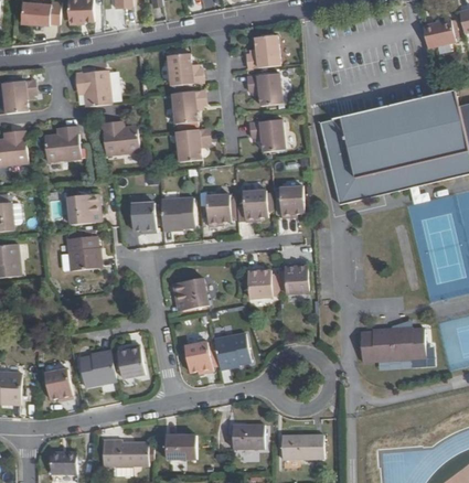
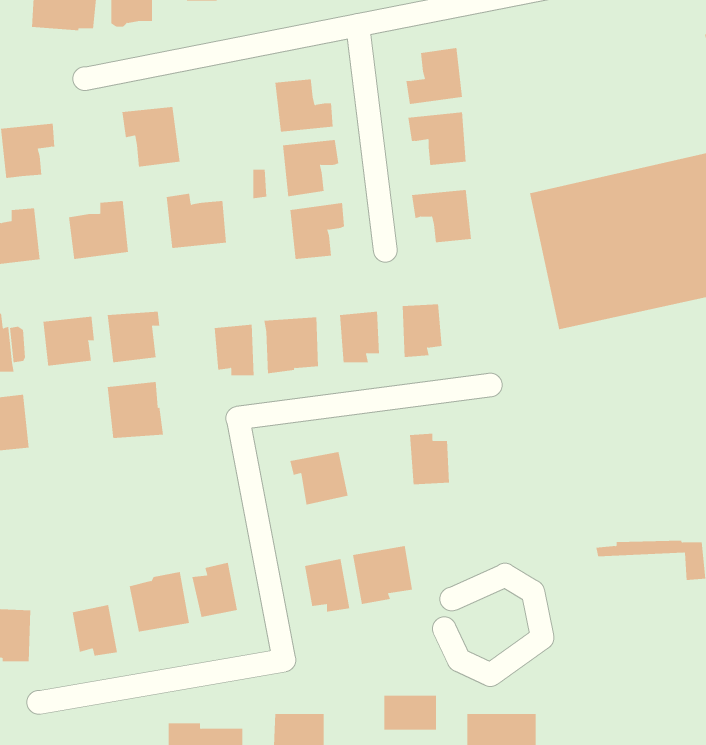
building: [279,185,303,216] -> none
building: none -> [43,316,94,366]
building: [284,262,308,292] -> none
building: [360,337,413,364] -> none

